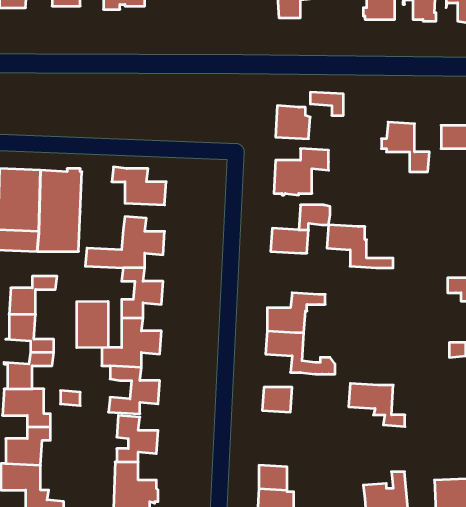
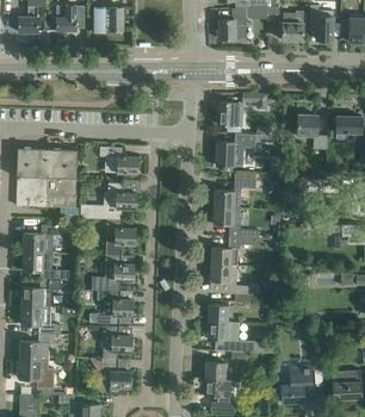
building: [327,225,393,268] -> [212,207,260,238]
building: [77,301,108,348] -> none
building: [349,383,405,427] -> [206,322,247,353]

